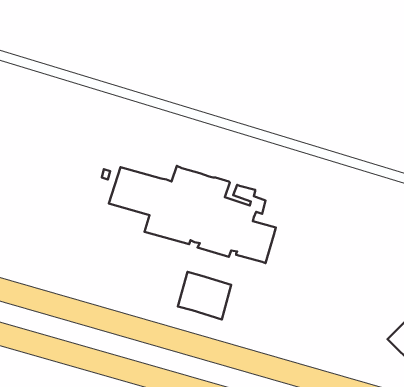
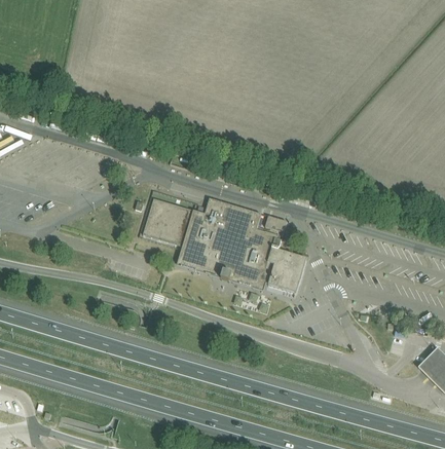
building: [178,272,231,319] -> none

